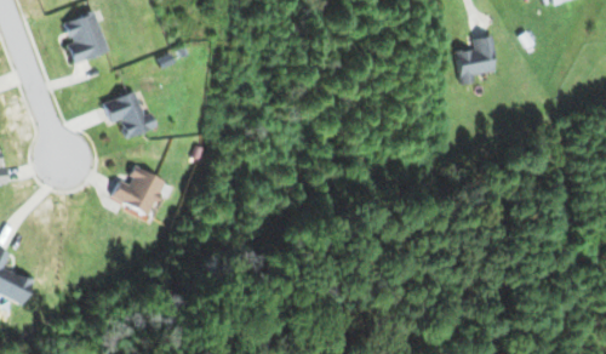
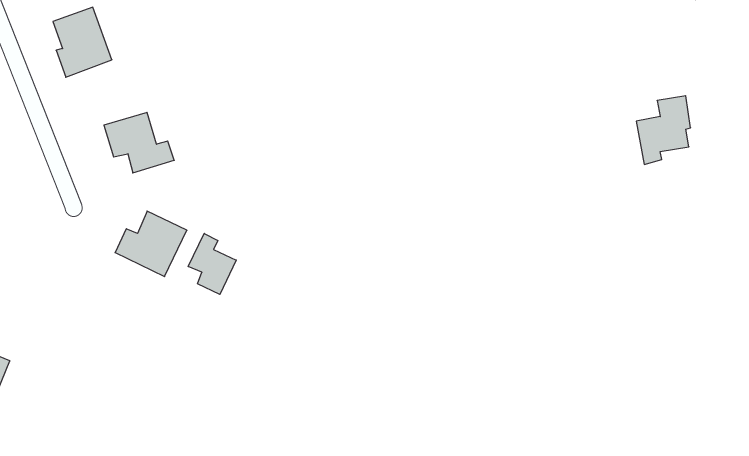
building: [452,33,493,85] -> [636,96,691,164]
building: none -> [188,233,236,294]

